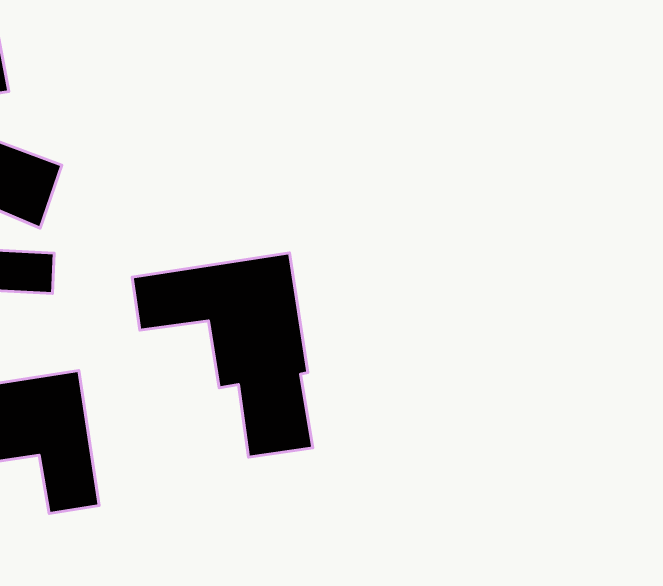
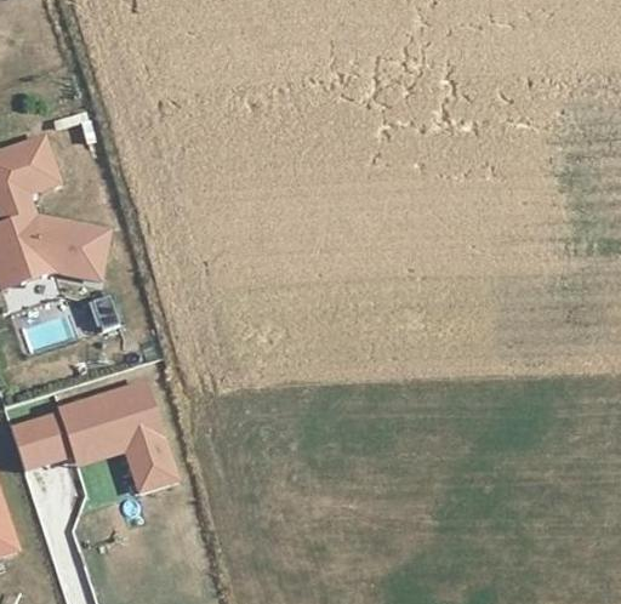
building: [132,253,313,457] -> none

